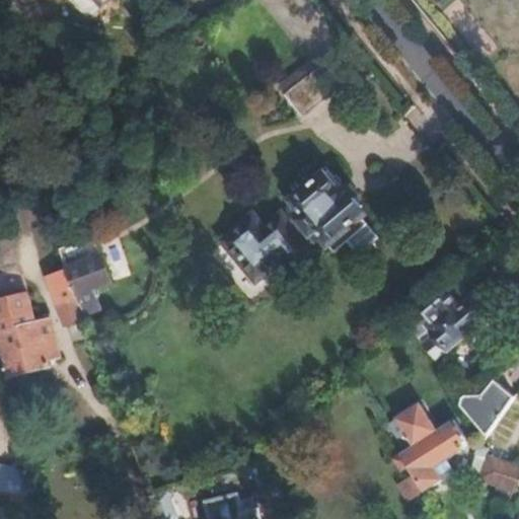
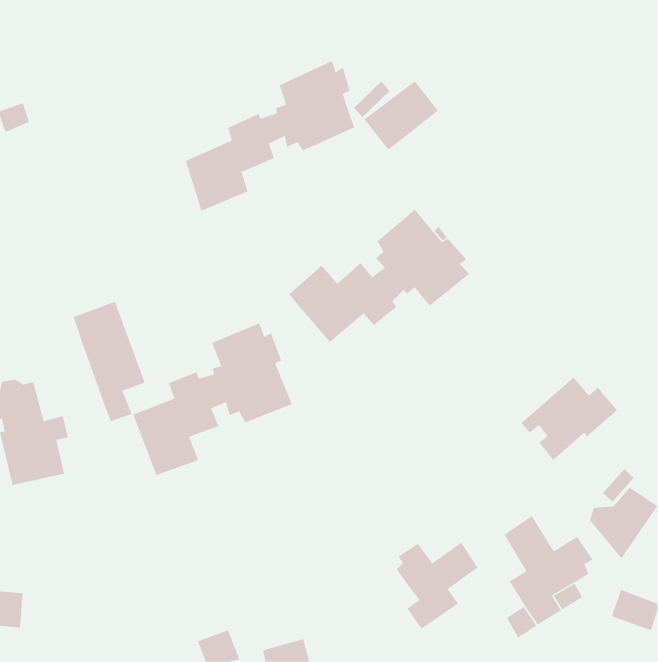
building: none -> [185,60,355,212]
building: none -> [132,323,292,476]
building: [45,269,81,323] -> none
building: none -> [396,542,478,629]

